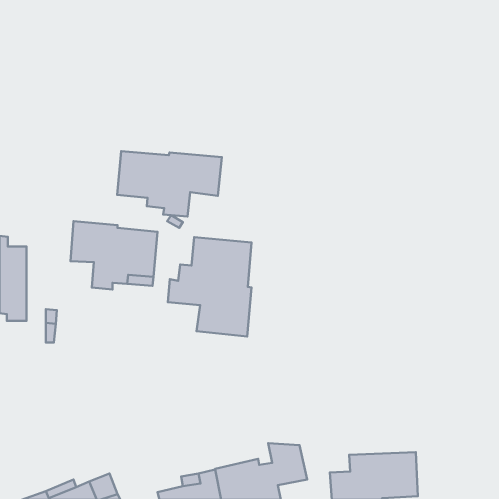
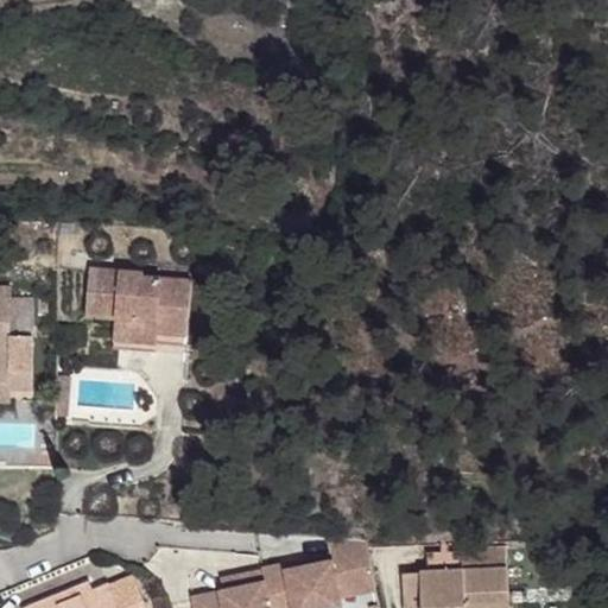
building: [117,151,222,217] -> none
building: [168,237,252,336] -> none

